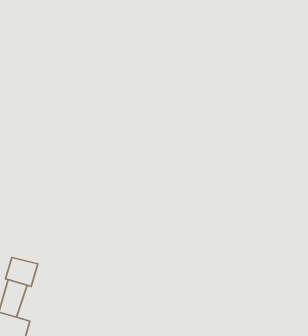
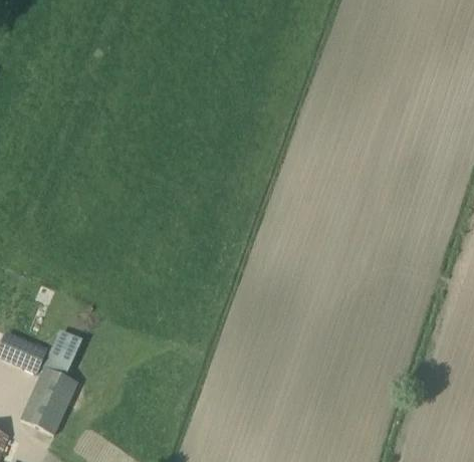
building: [5,258,38,286] -> none

